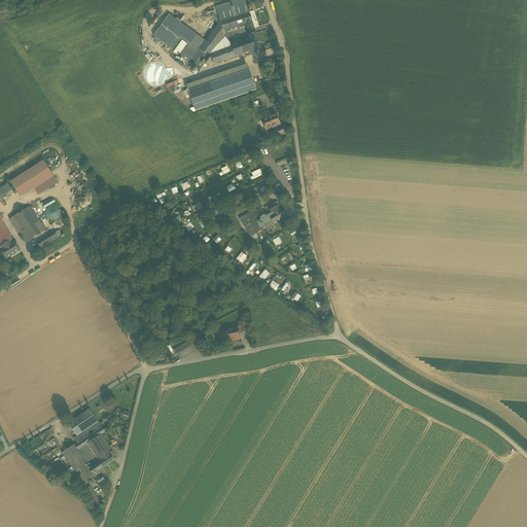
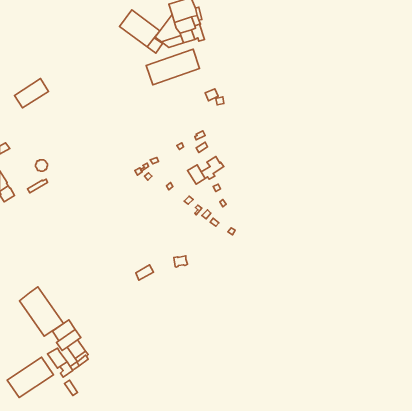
building: [9,159,52,196] -> [15,79,49,108]
building: [9,204,44,241] -> none
building: none -> [19,287,63,336]
building: none -> [7,357,53,398]

